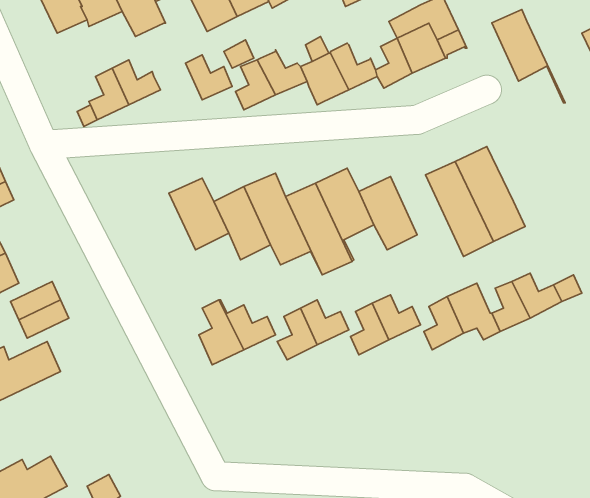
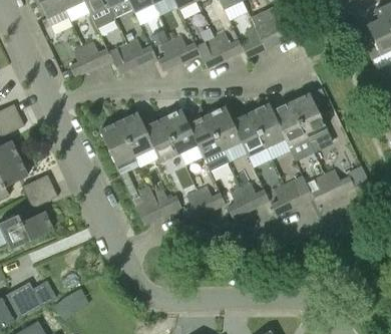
building: [492,10,565,103] -> [251,103,295,159]
building: none -> [108,43,137,74]
building: none -> [99,121,138,174]

